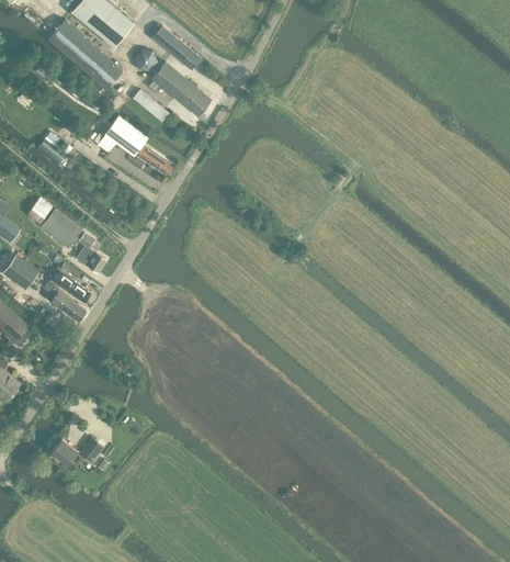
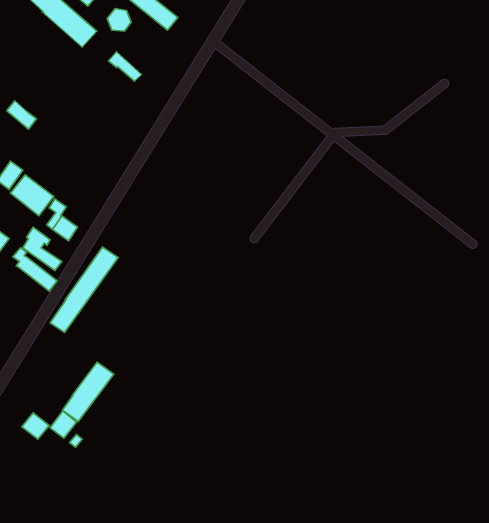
building: [152,63,211,116] -> none
building: [98,116,172,176] -> none
building: none -> [50,247,118,332]
building: none -> [63,362,114,422]

